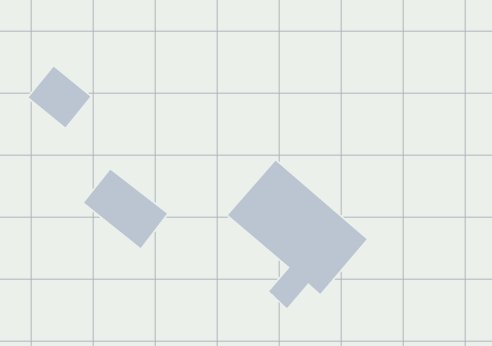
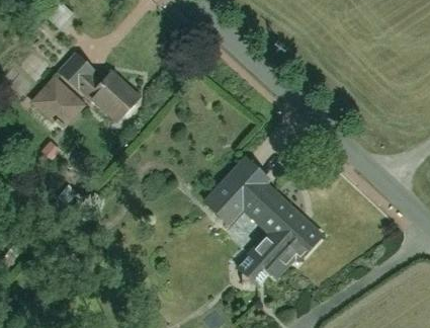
building: [83,168,168,249] -> [69,53,142,121]

